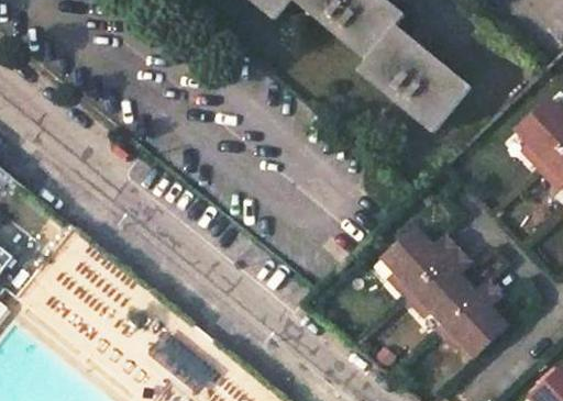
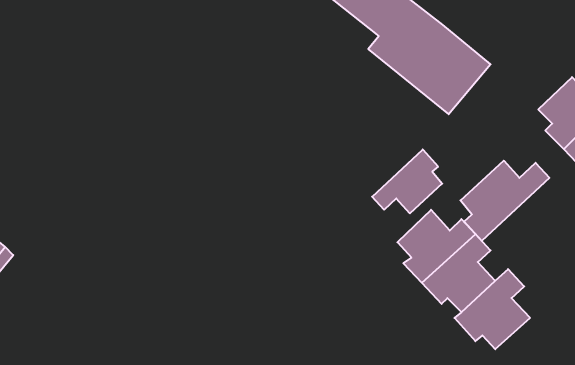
building: none -> [372,149,442,213]
building: none -> [460,161,549,241]

